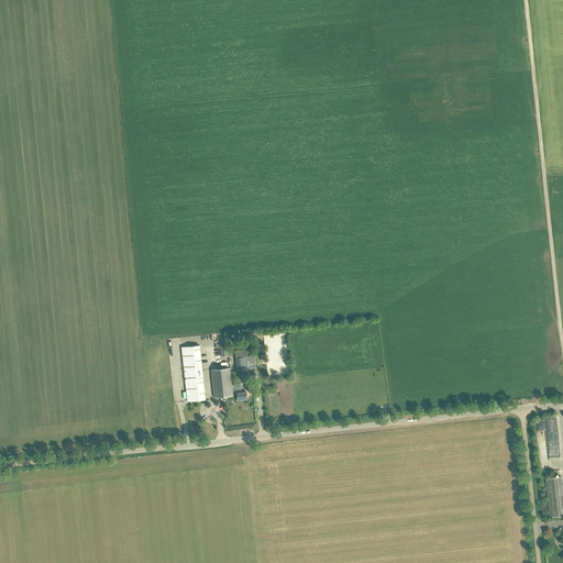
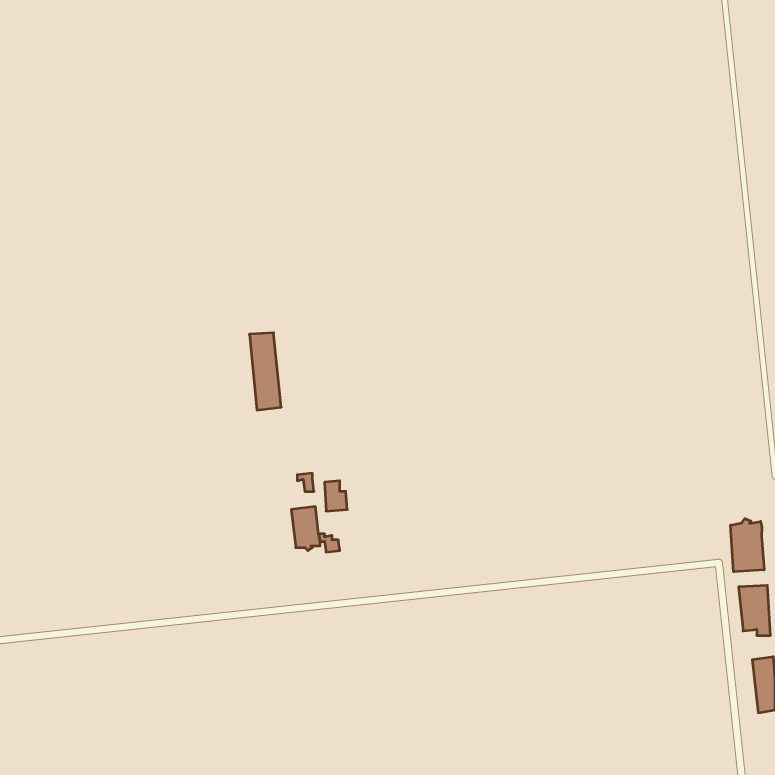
building: [181,345,205,401] -> [249,333,281,410]
building: none -> [731,519,764,572]

